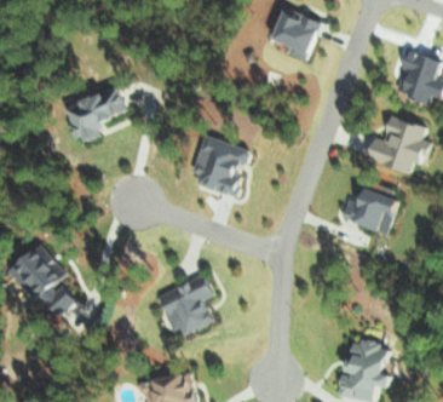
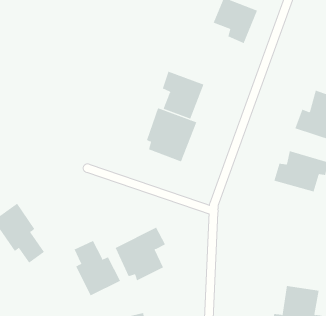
building: [65,88,127,143] -> none
building: none -> [162,71,204,120]
building: none -> [74,240,121,296]

